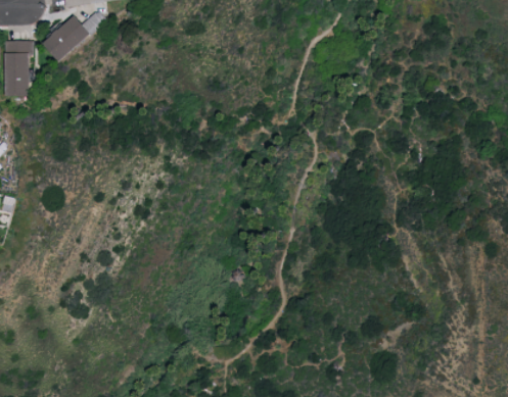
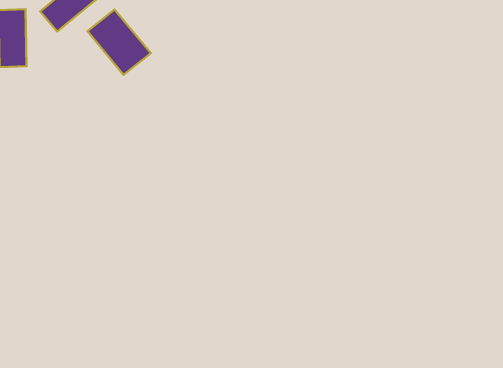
building: none -> [87,9,151,75]

